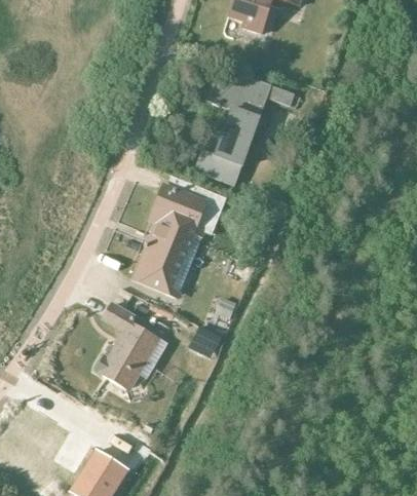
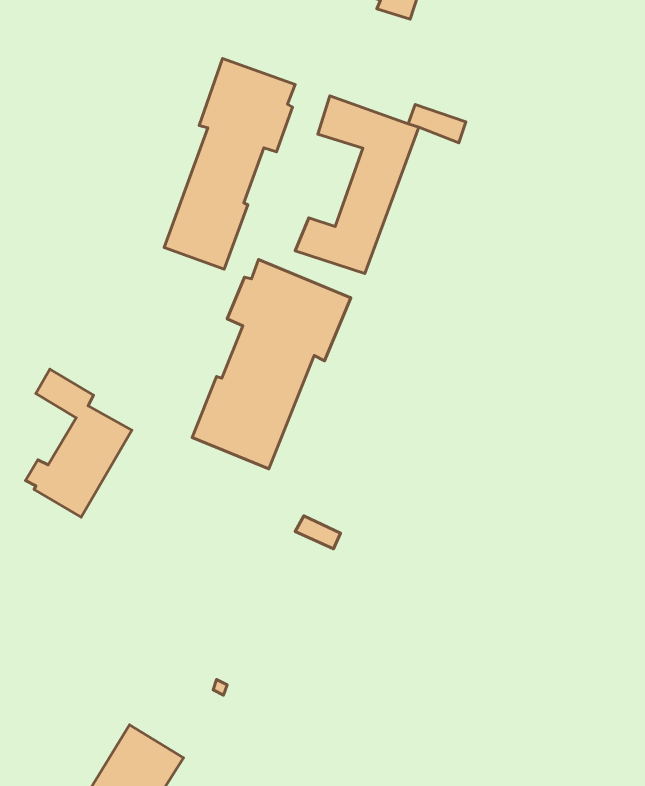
building: none -> [164,59,295,269]
building: [96,302,158,389] -> [26,369,132,517]

